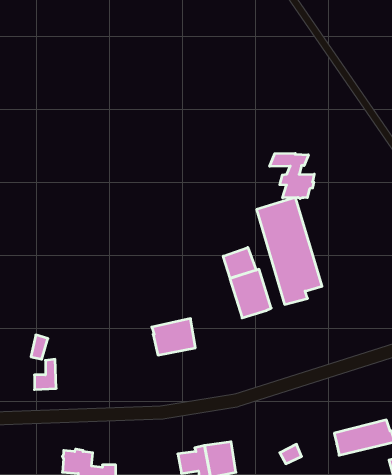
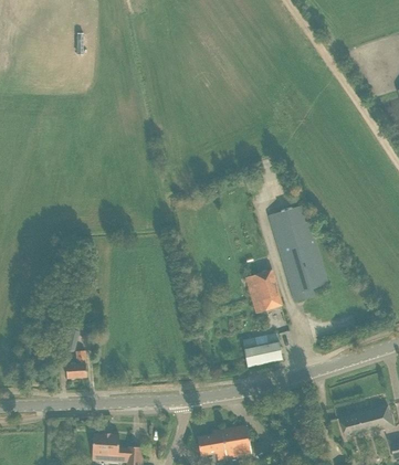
building: [270,153,314,199] -> none
building: [223,247,256,278] -> none
building: [152,319,195,355] -> [242,334,282,367]

